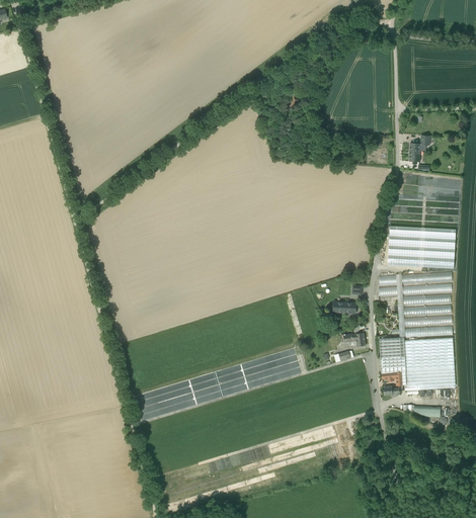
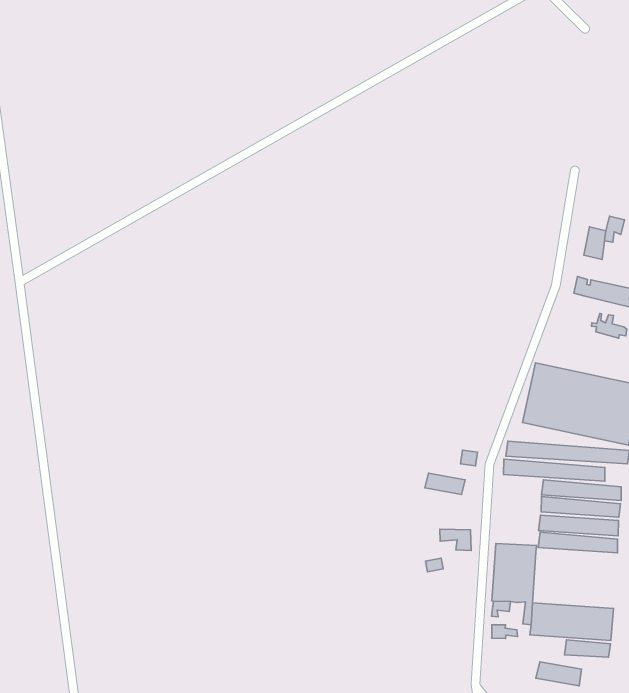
building: [404,337,455,370] -> none

